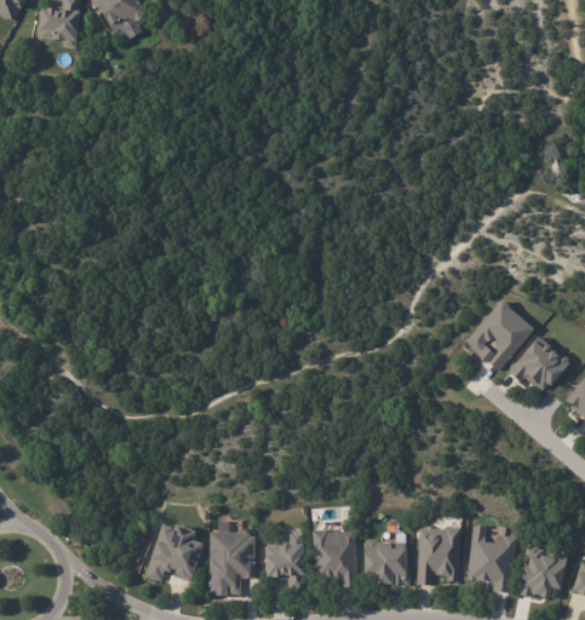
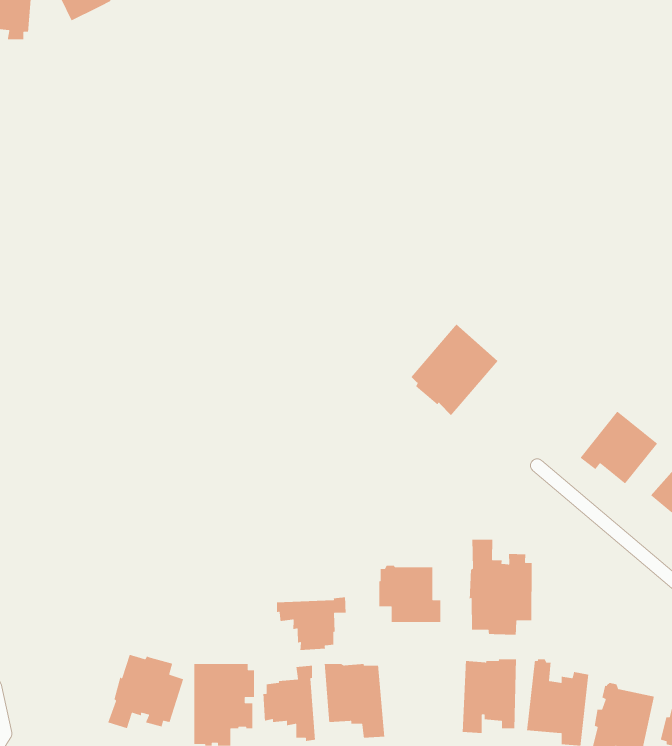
building: [466,298,534,369] -> [411,324,498,416]
building: none -> [469,539,532,635]
building: none -> [276,596,346,651]
building: [361,540,409,585] -> [378,565,441,623]

